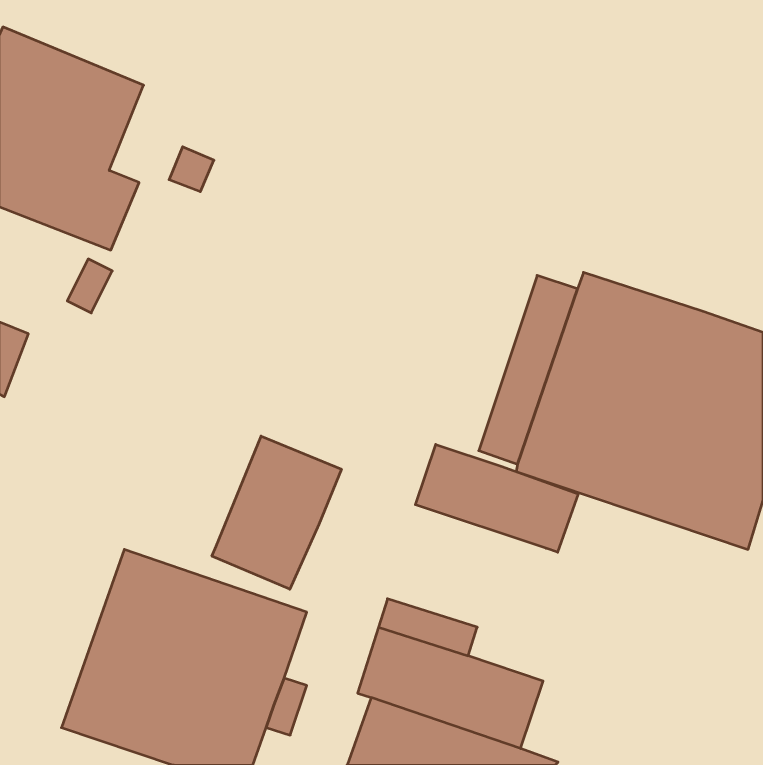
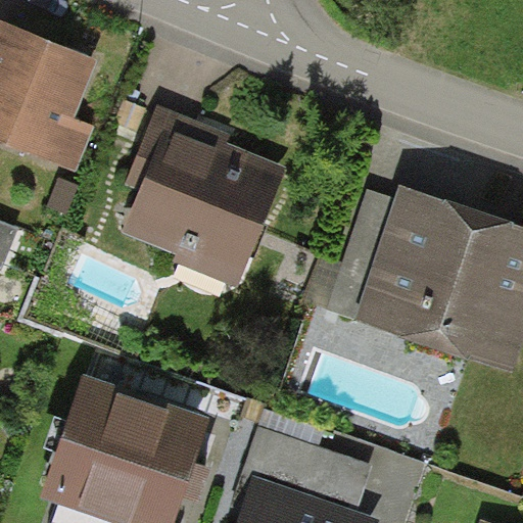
building: none -> [121,104,285,286]
building: [212,436,341,589] -> none
building: [415,444,578,552] -> none

